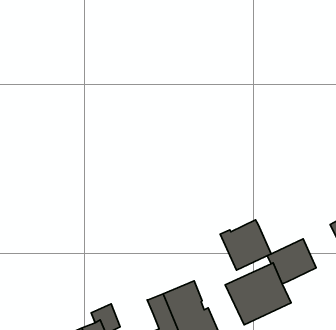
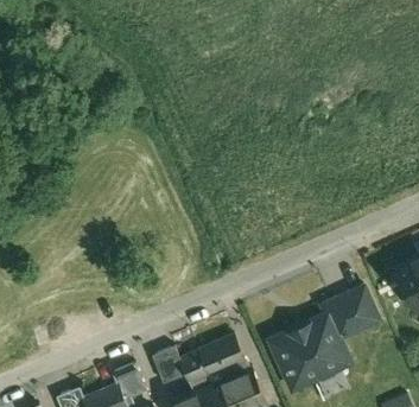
building: [220,220,271,270] -> none
building: none -> [151,348,184,384]

